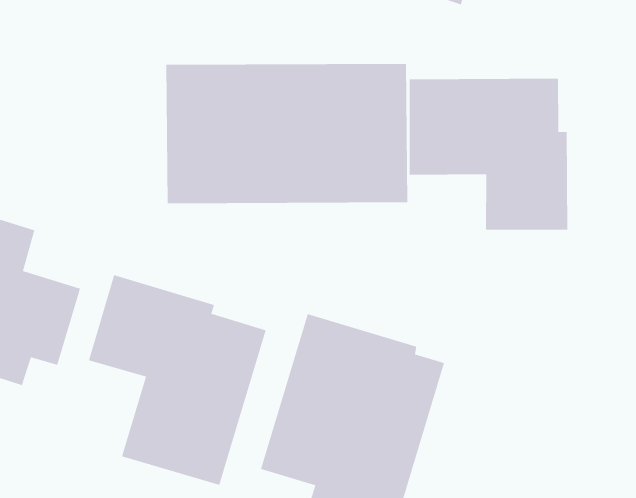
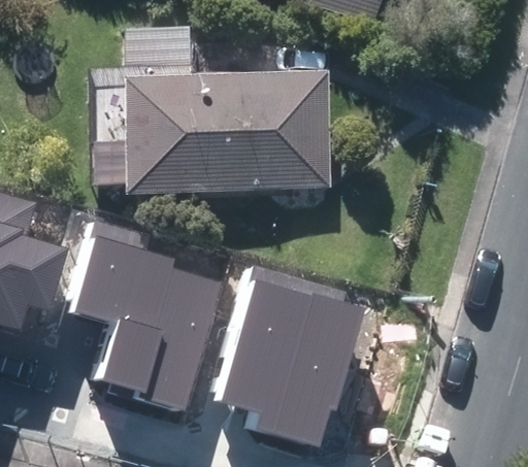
building: [409,78,568,231] -> none

